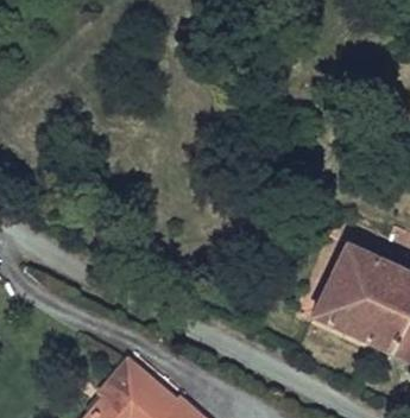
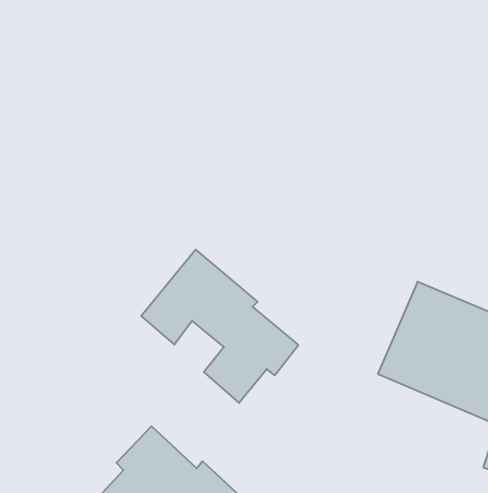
building: none -> [141,250,298,403]

